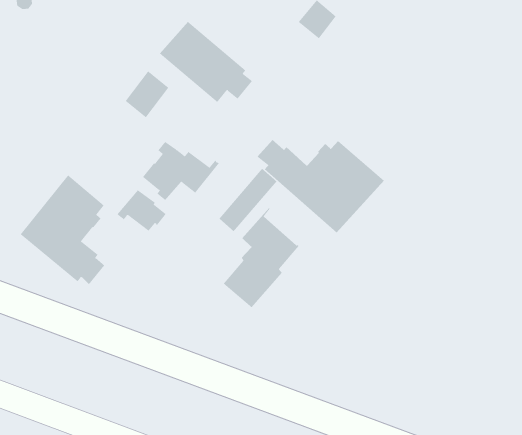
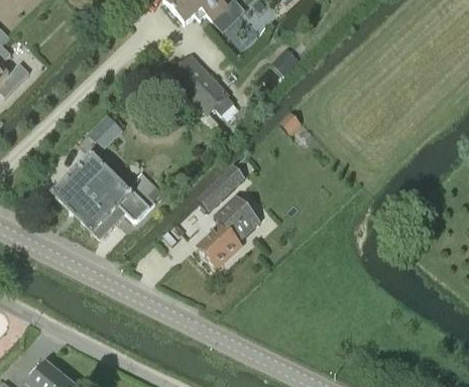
building: [125,71,169,118] -> [90,114,123,148]
building: [257,139,385,233] -> none
building: [142,141,220,201] -> [98,180,155,224]

